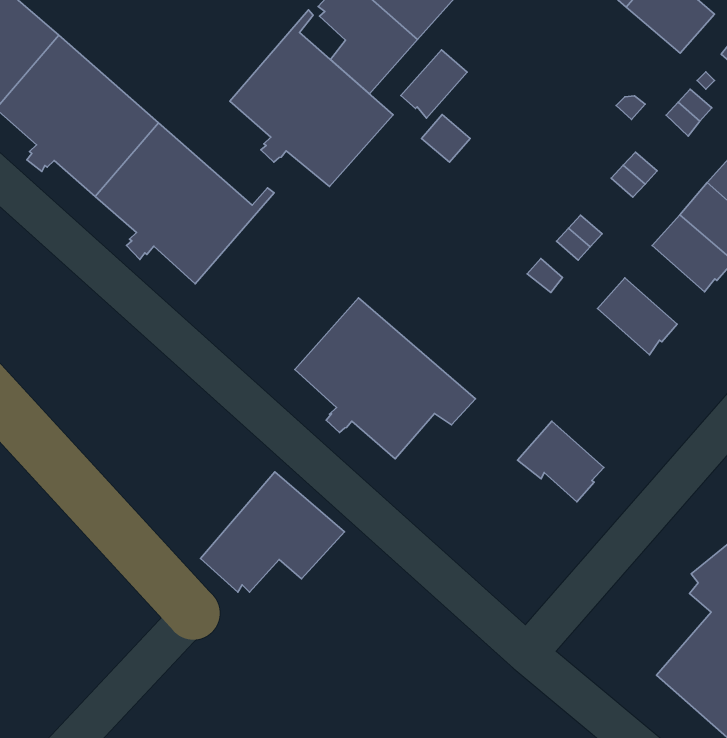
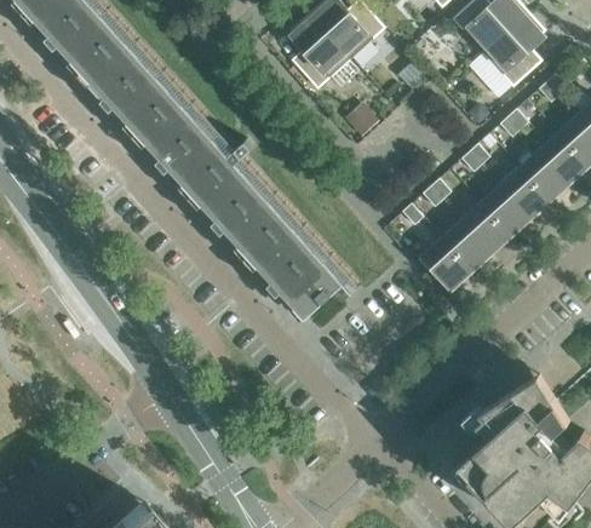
building: [230,10,393,187] -> [194,144,294,256]
building: [401,50,467,118] -> none
building: none -> [461,205,510,256]
building: [517,421,604,502] -> [418,240,471,292]
building: [200,472,344,592] -> none

